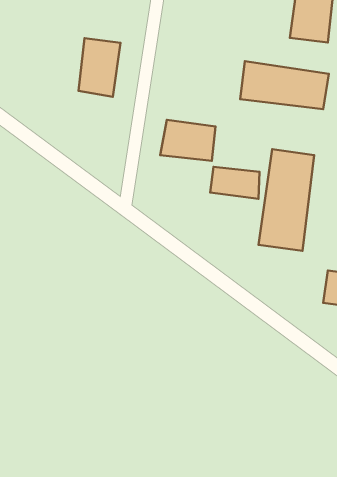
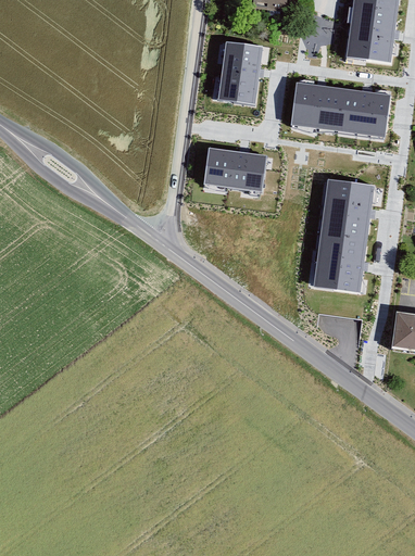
building: [79,38,121,97] -> [216,39,263,104]
building: [210,167,260,199] -> none

